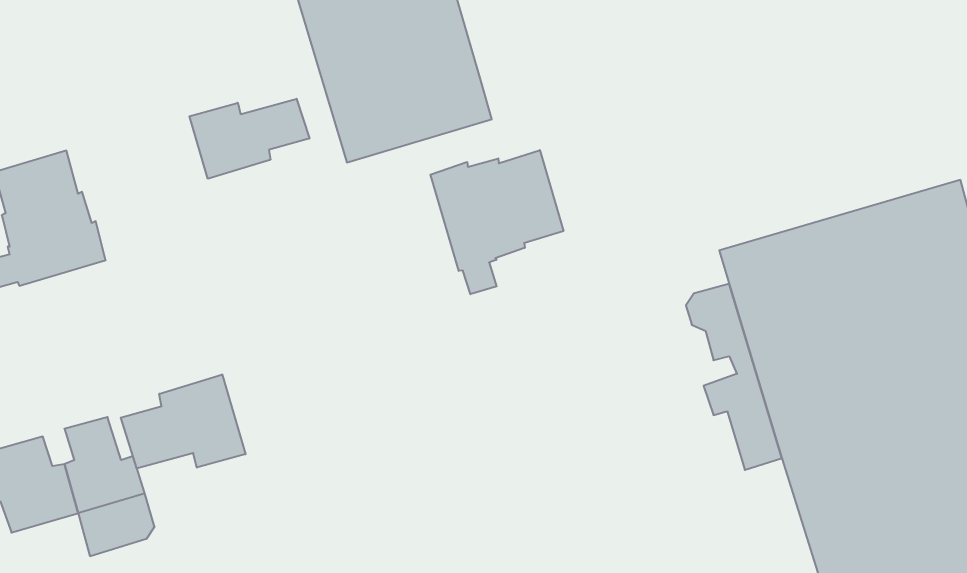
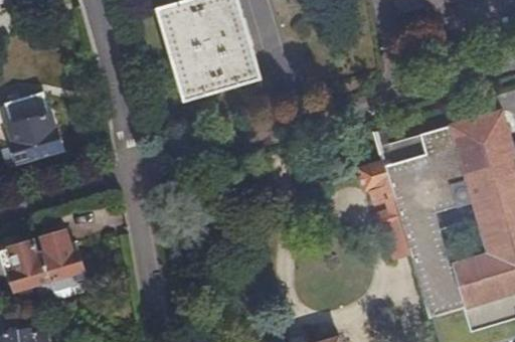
building: [189,99,309,179] -> none
building: [430,150,563,294] -> none
building: [121,374,246,468] -> none

